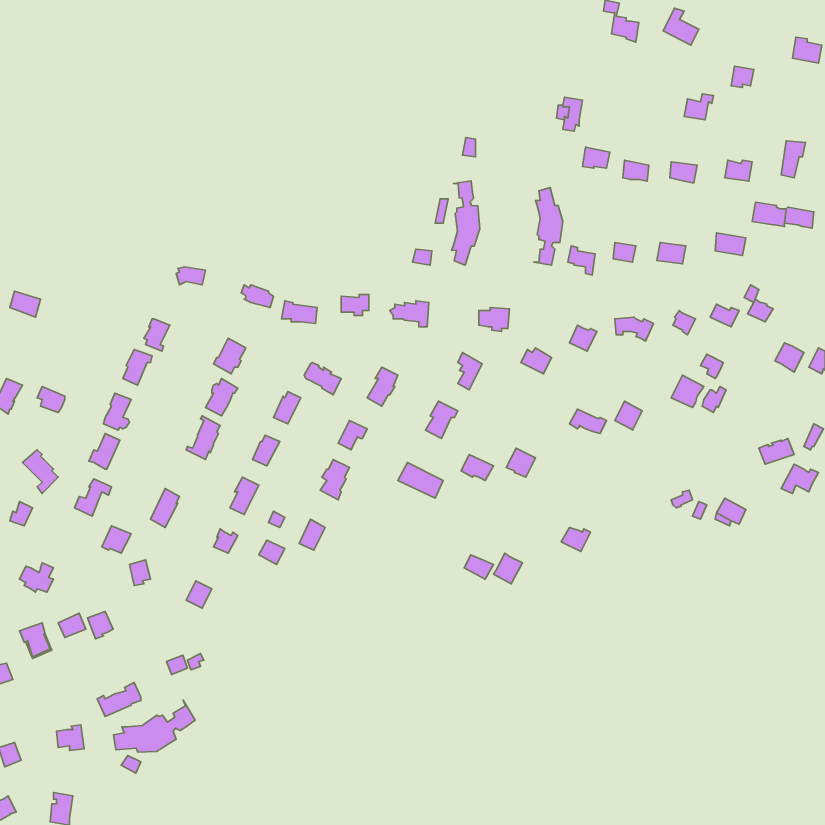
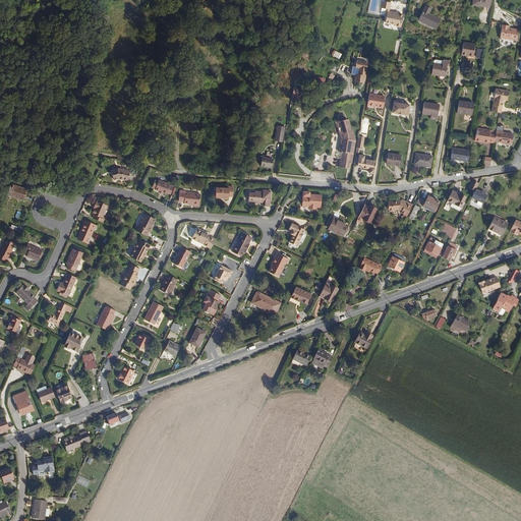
building: [452,181,480,265] -> none
building: [114,700,195,752] -> none

